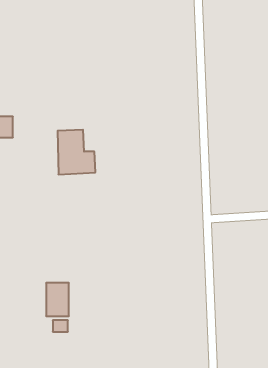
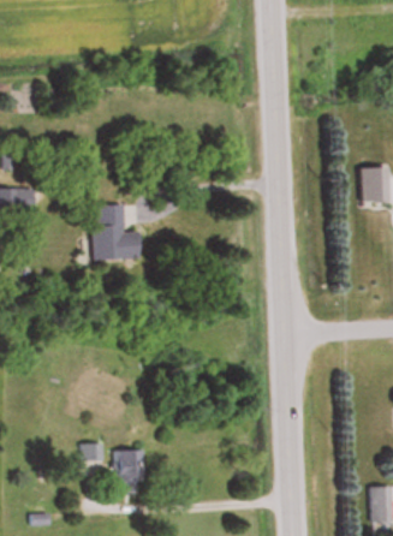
building: [46,283,69,316] -> [117,451,145,493]

